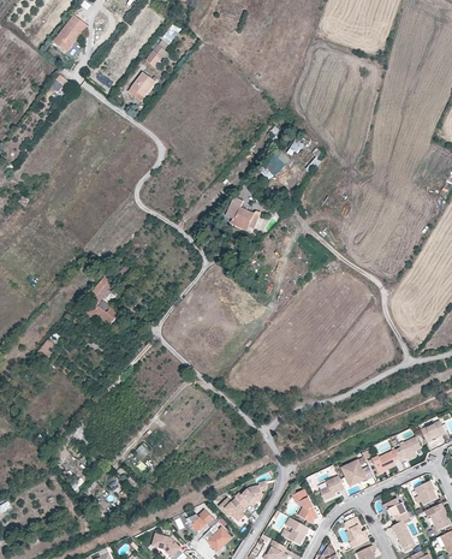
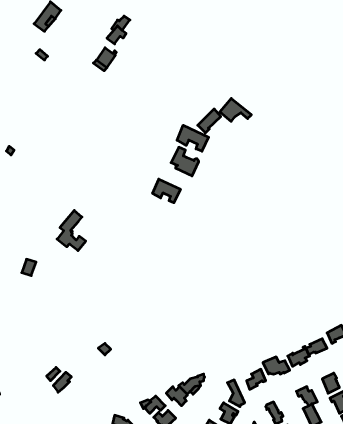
building: none -> [177,125,209,151]
building: none -> [153,179,180,203]

